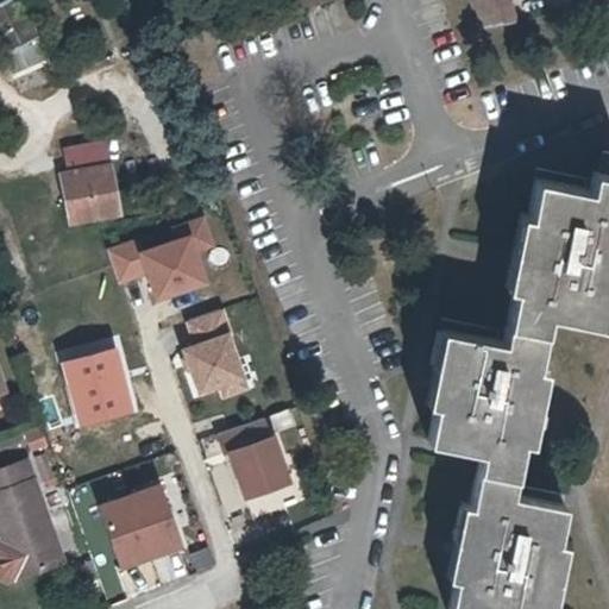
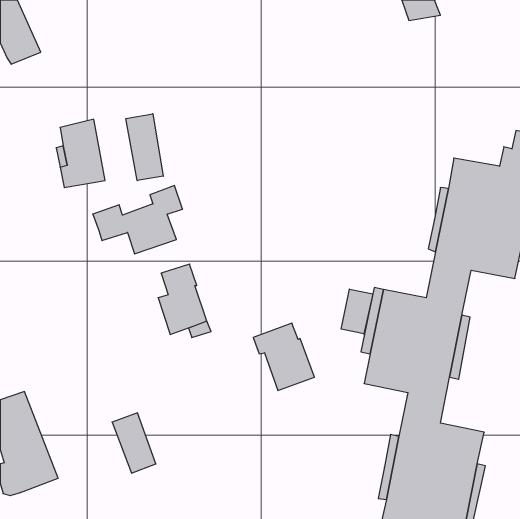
building: none -> [126,114,163,181]
building: none -> [341,289,373,334]
building: [68,352,130,421] -> none
building: [220,419,291,497] -> [253,323,314,390]
building: [103,495,155,565] -> none

